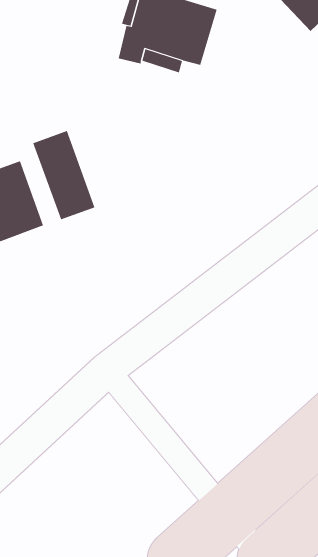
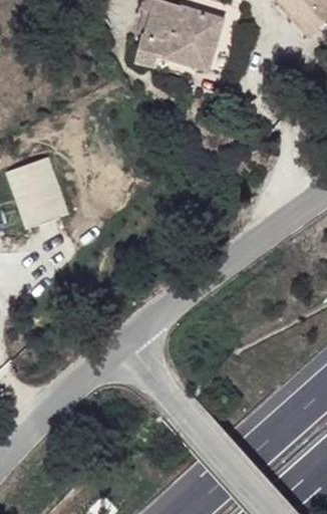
building: [32,130,95,220] -> none

